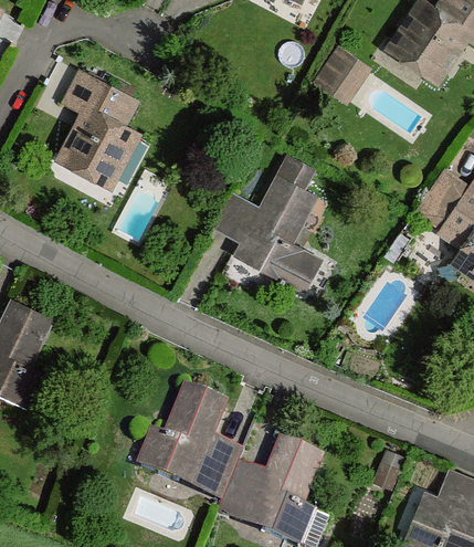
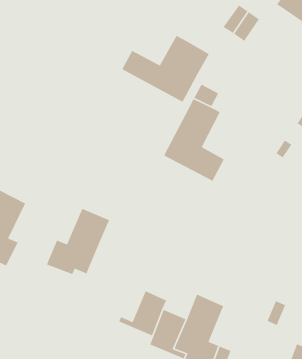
building: [61,72,137,185] -> none
building: none -> [121,35,210,103]
building: [212,192,261,243] -> none
building: [139,388,227,480] -> [46,208,110,275]

